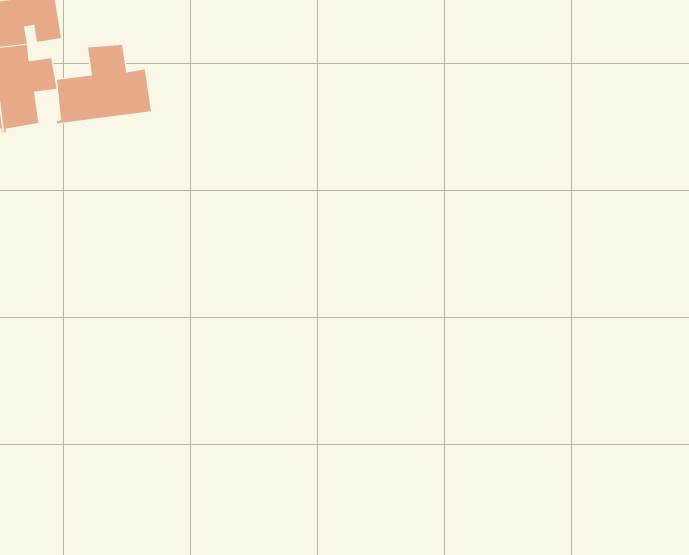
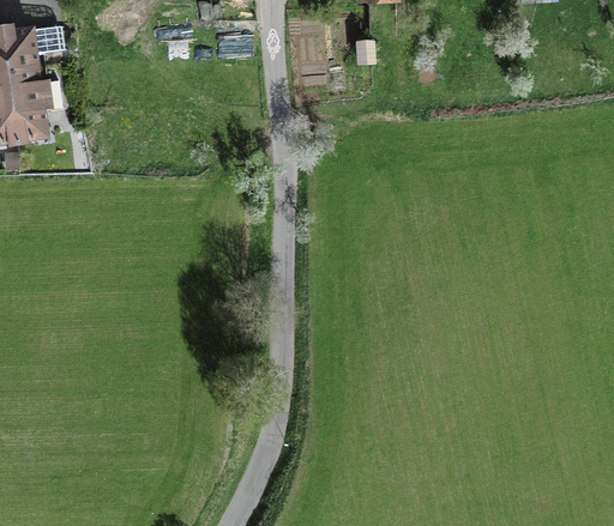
building: [56,44,152,124] -> none

